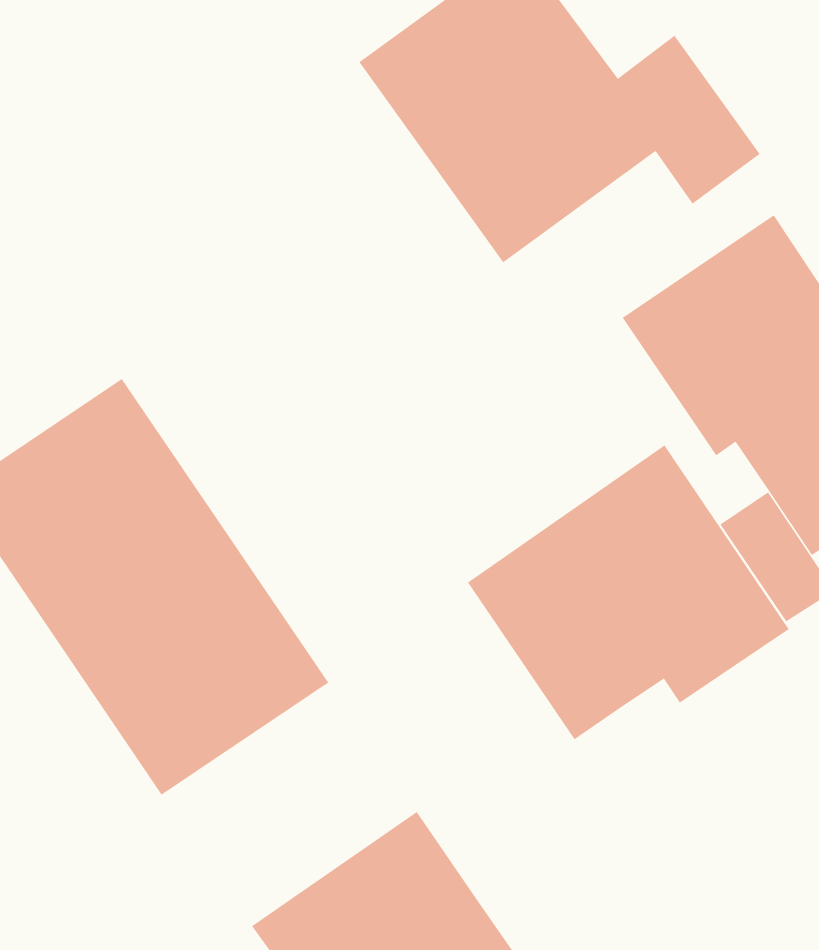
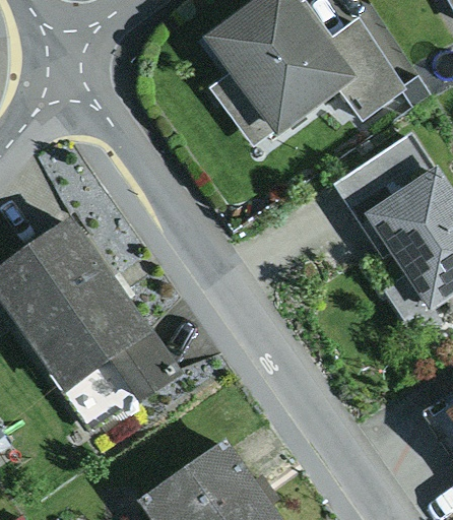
building: [467,444,789,740] -> none

